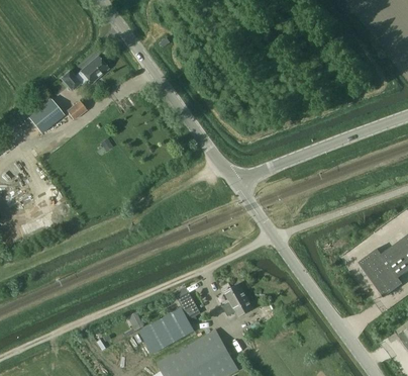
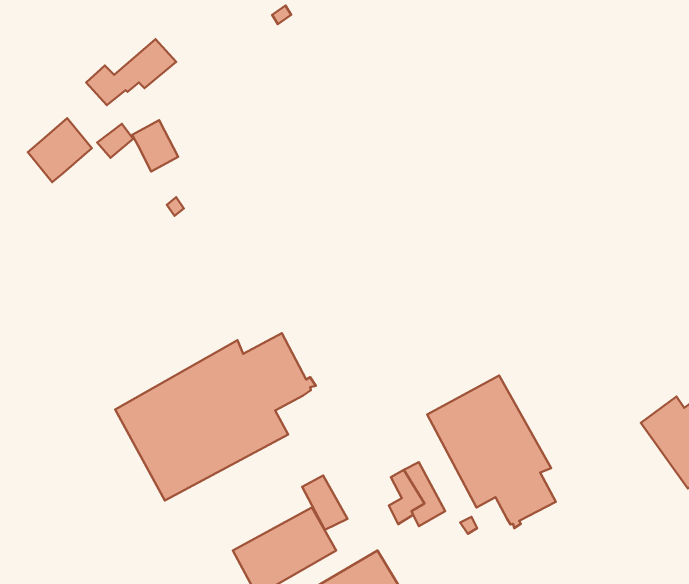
building: none -> [132,120,178,172]
building: none -> [115,333,316,501]
building: none -> [427,376,556,528]

